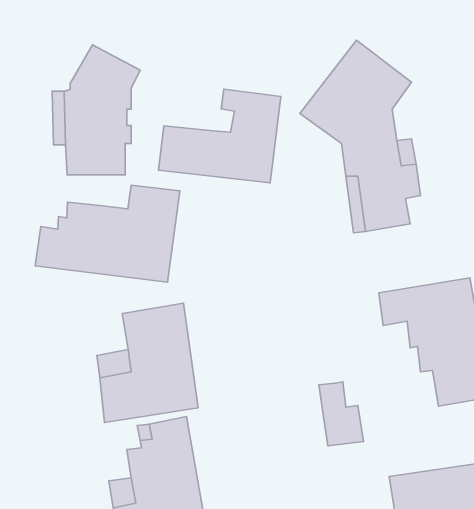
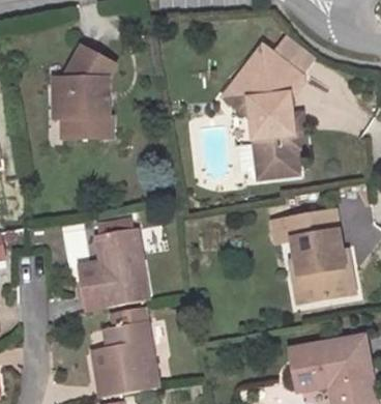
building: [159,89,281,183] -> none
building: [35,185,180,282] -> none
building: [319,382,364,446] -> [288,257,319,301]

